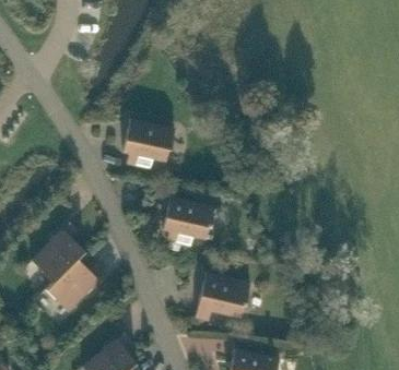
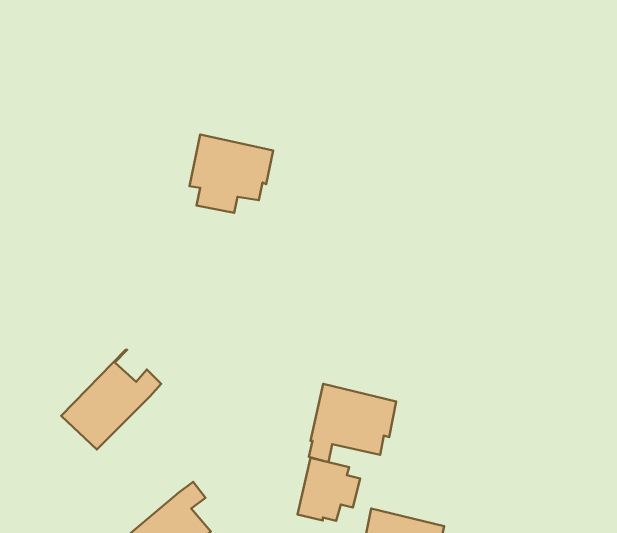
building: [162,198,214,247] -> none
building: [30,224,83,293] -> none
building: none -> [298,458,360,521]

